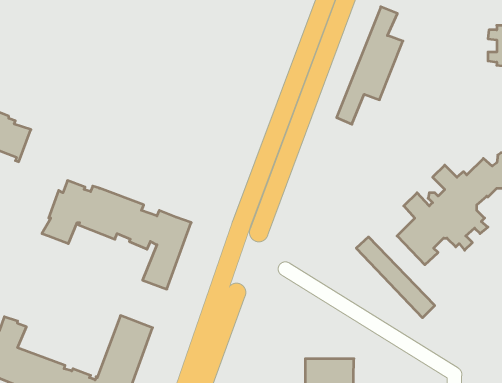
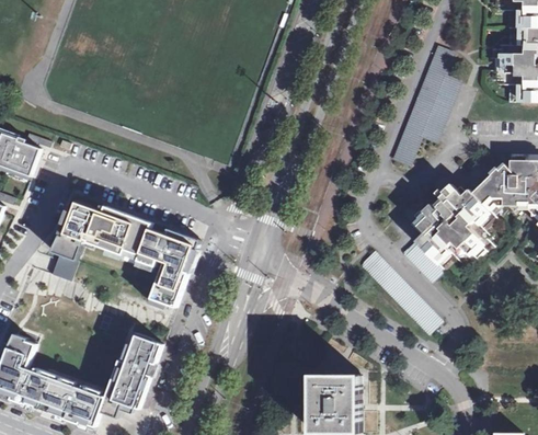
building: [337,7,403,124] -> [393,48,459,164]
building: none -> [50,253,78,281]

